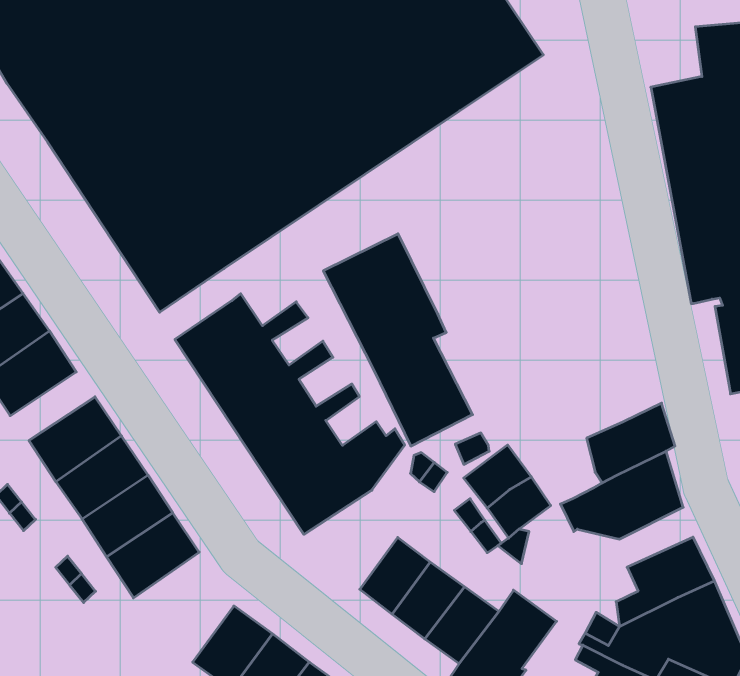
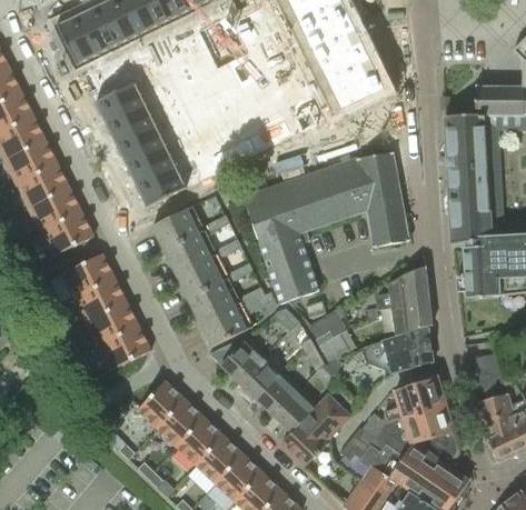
building: none -> [288,152,407,248]
building: none -> [374,257,426,312]
building: none -> [220,337,265,381]

